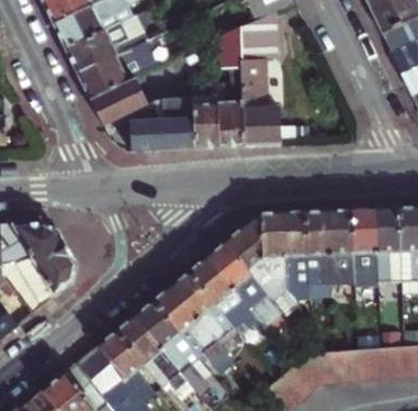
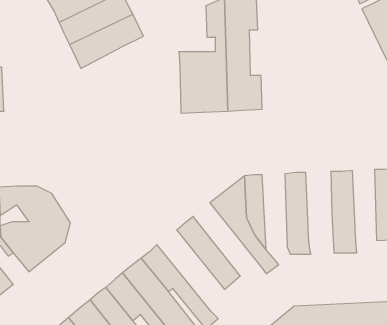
building: [88,77,145,125] -> none
building: [128,97,193,151] -> none
building: [374,207,399,282] -> none
building: [325,209,352,284] -> none
building: [279,211,312,307] -> none
building: [206,242,280,326] -> none
building: [168,270,244,356] -> none

